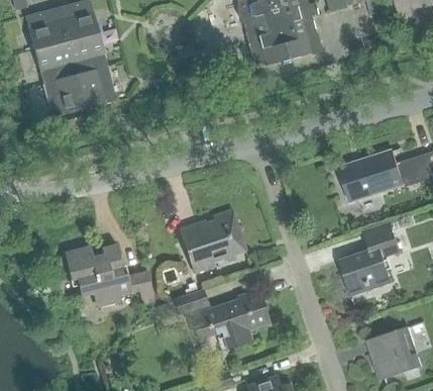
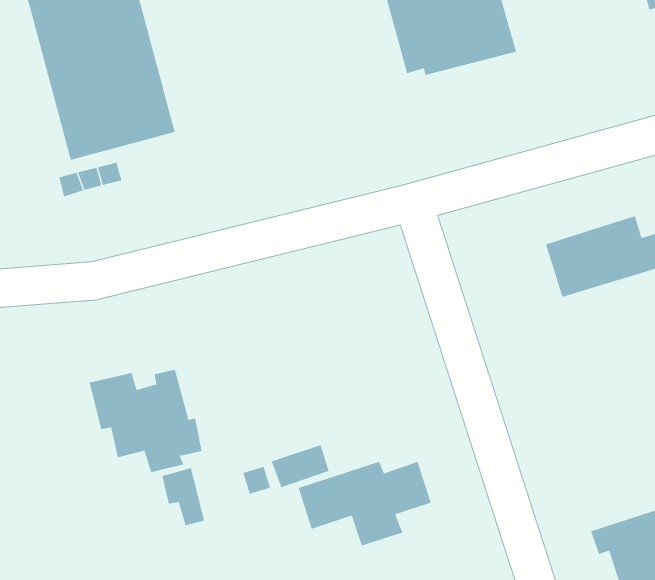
building: [180,207,246,272] -> none
building: [340,220,401,296] -> none
building: [129,269,155,304] -> [161,467,205,526]

